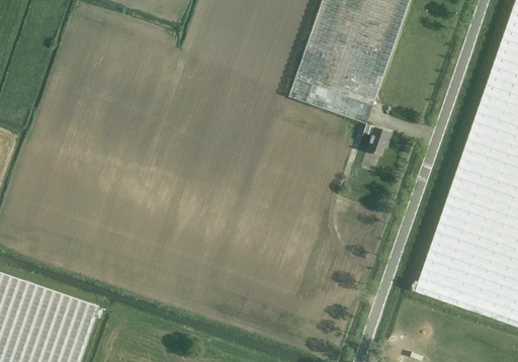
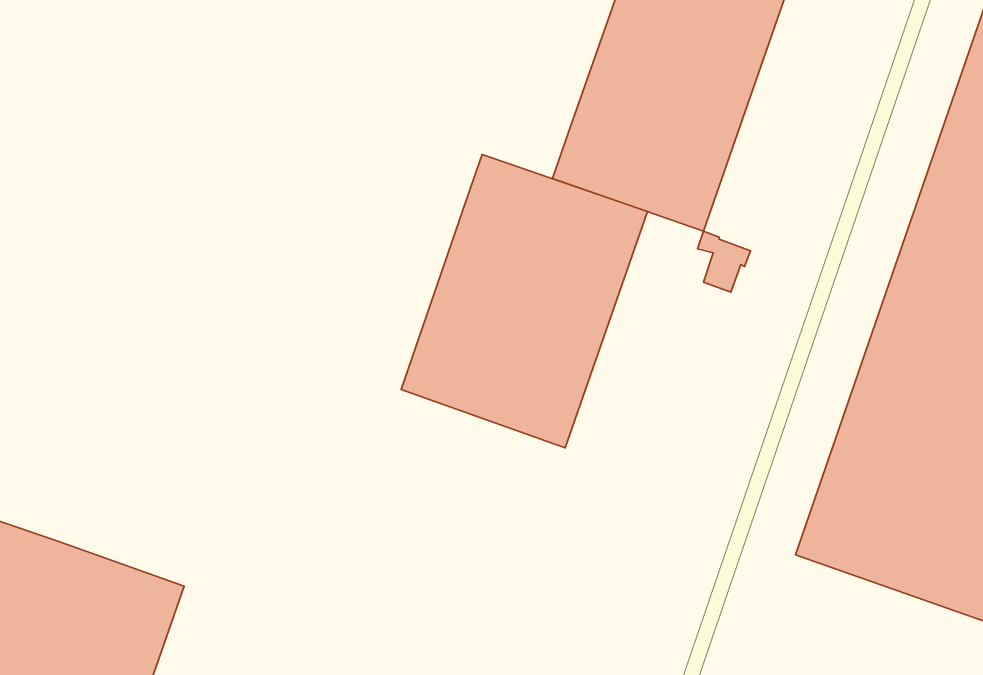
building: none -> [401,154,647,448]

